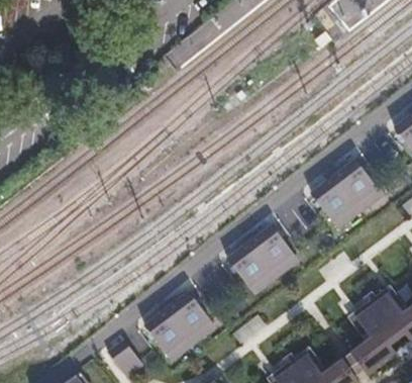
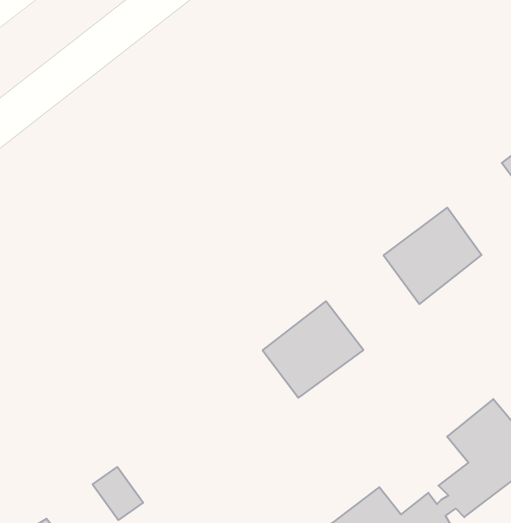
building: [142,290,212,357] -> none

